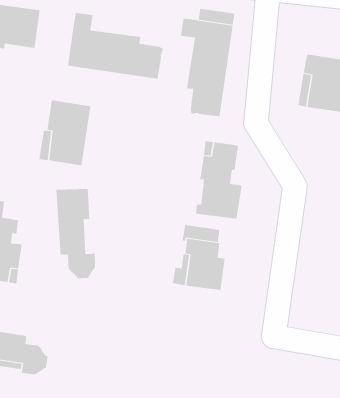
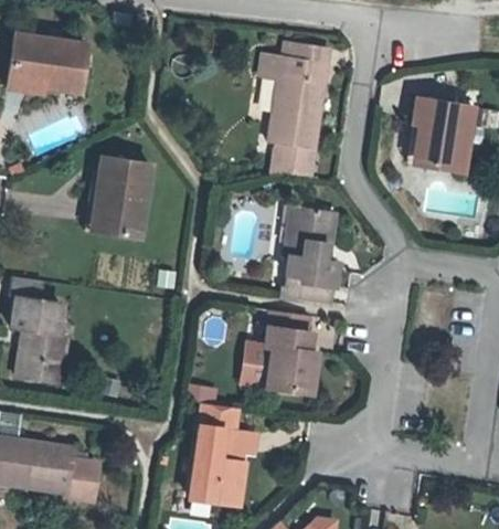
building: [67,12,164,79] -> none
building: [56,188,96,279] -> none
building: none -> [190,402,246,505]

